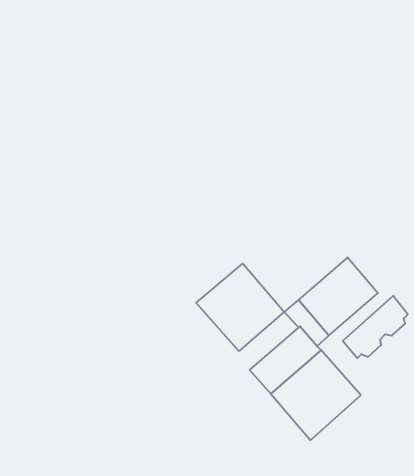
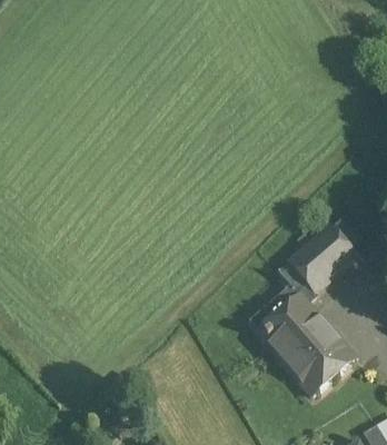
building: [196,264,284,351] -> none
building: [343,296,408,358] -> [298,340,353,393]

